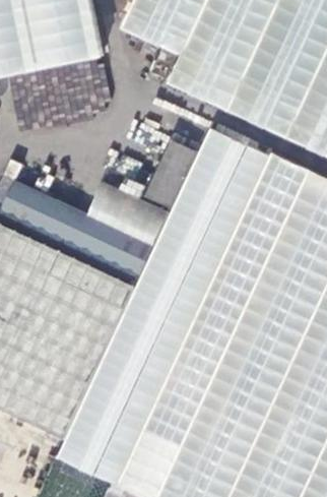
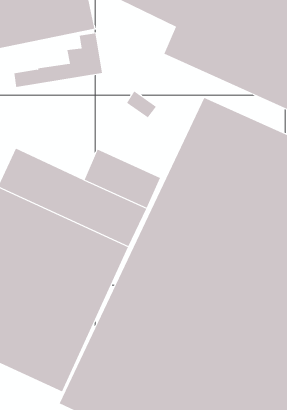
building: [147,141,200,210] -> none

